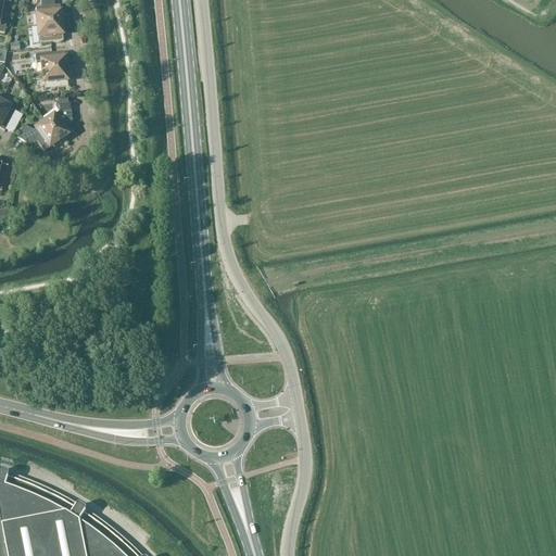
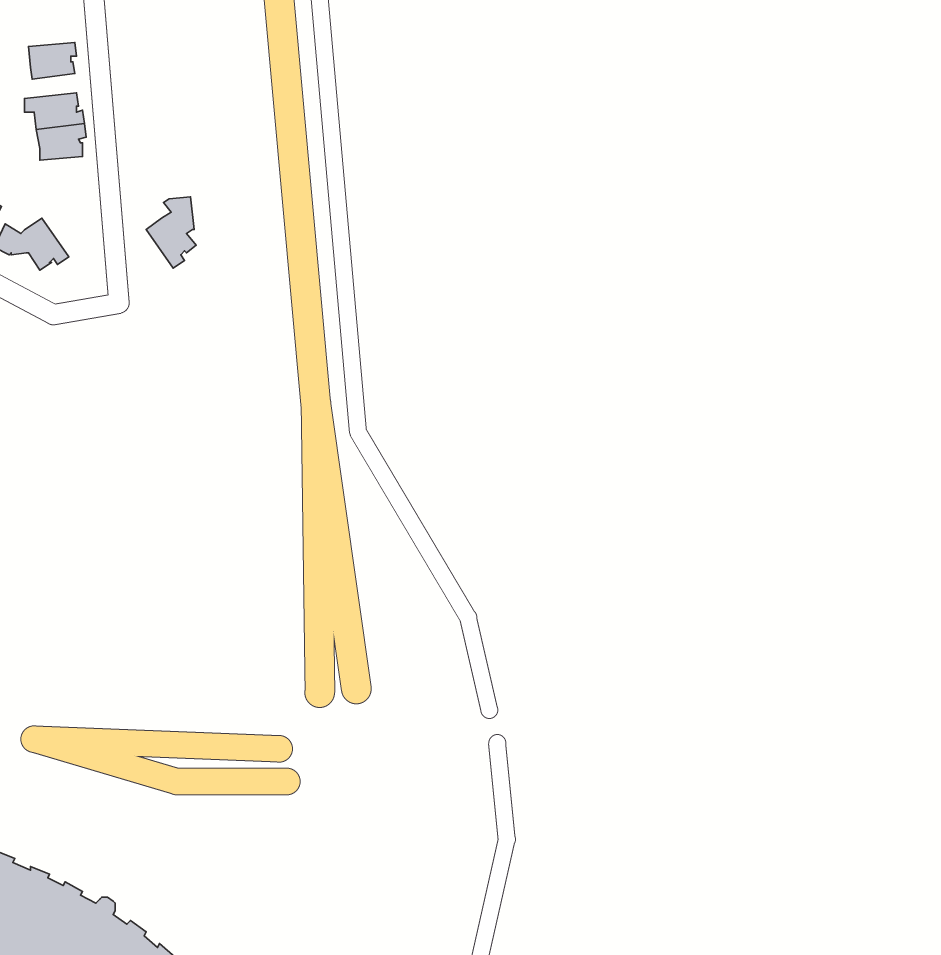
building: [30,8,59,27] -> none
building: [40,105,68,146] -> [146,197,196,268]

